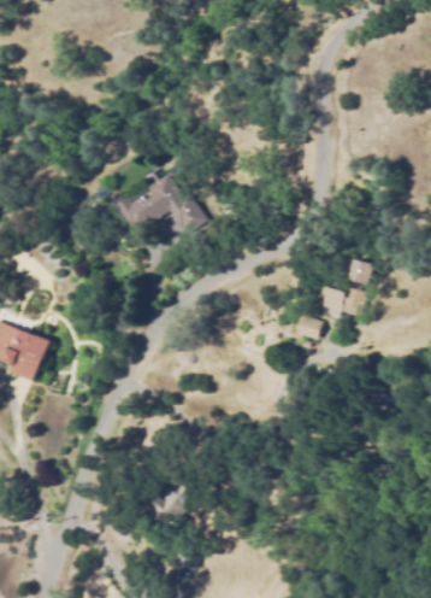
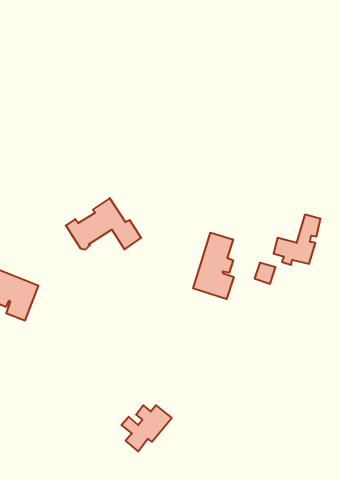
building: [118,172,205,231] -> [66,198,141,249]
building: none -> [193,233,234,299]

